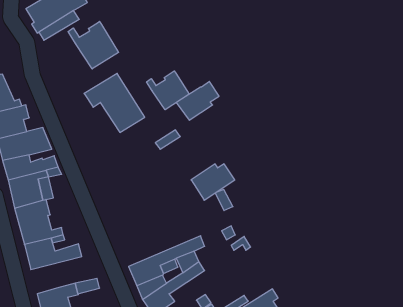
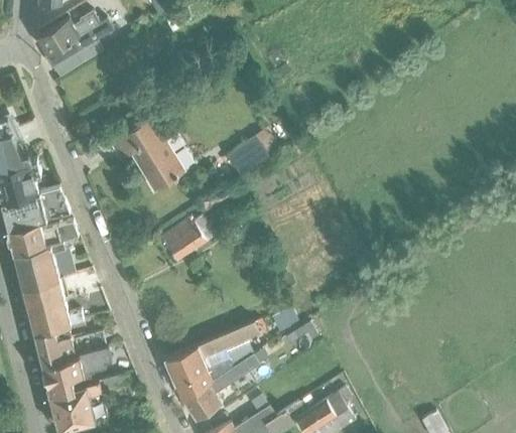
building: [68,21,119,69] -> none
building: [147,71,189,110] -> none
building: [191,164,235,200] -> [159,216,214,262]
building: none -> [42,347,111,394]

